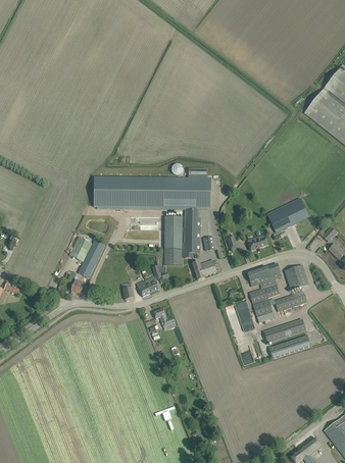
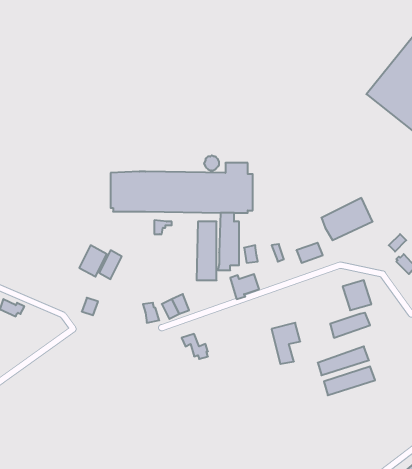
building: [247,263,282,316] -> none

